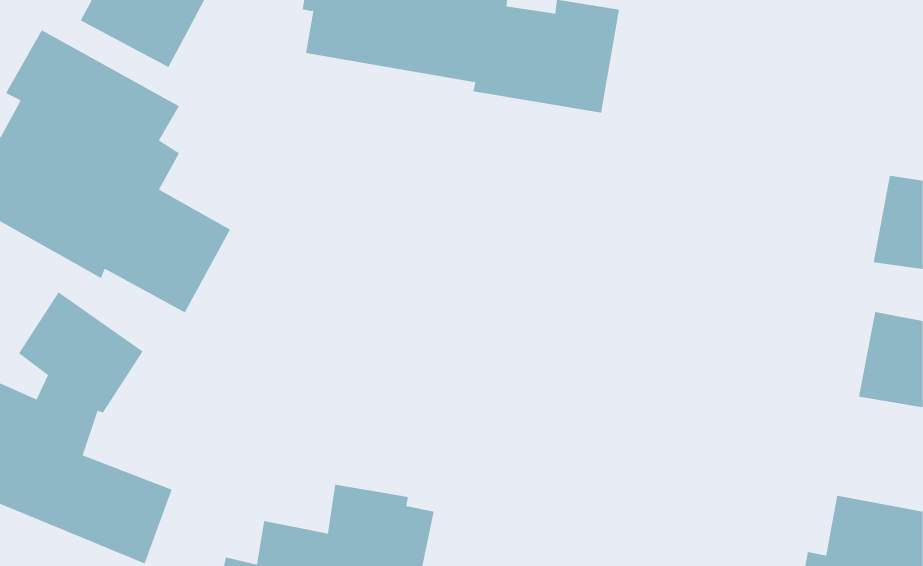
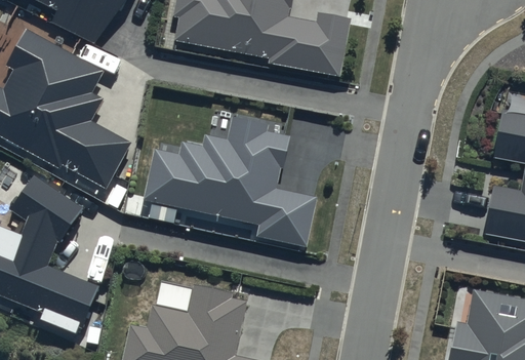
building: none -> [143,117,316,247]

